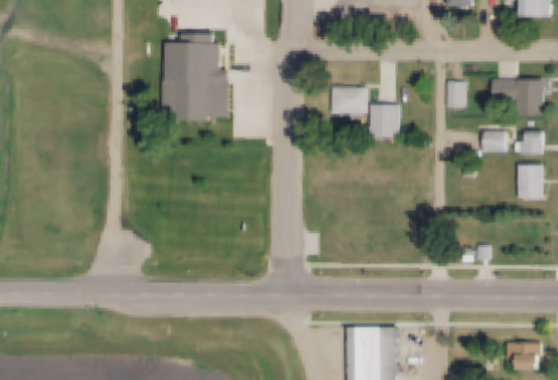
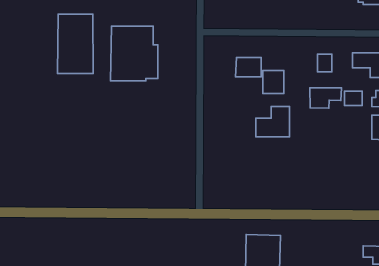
building: none -> [58,14,93,74]
building: none -> [310,88,341,108]
building: none -> [256,106,289,137]

